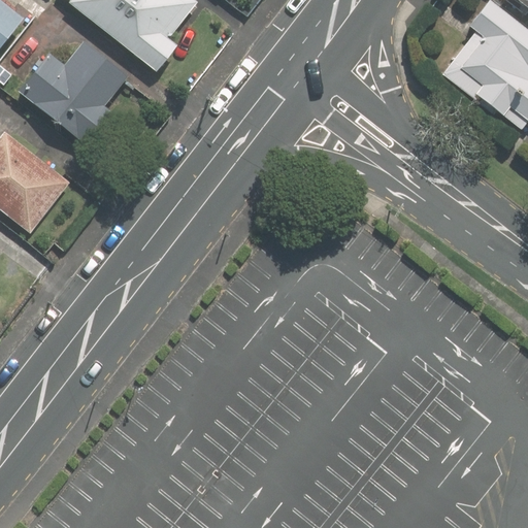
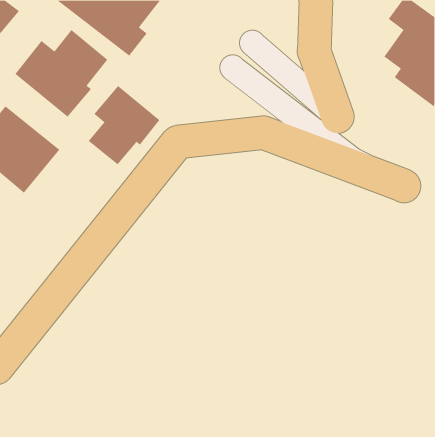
building: none -> [88,85,160,165]

